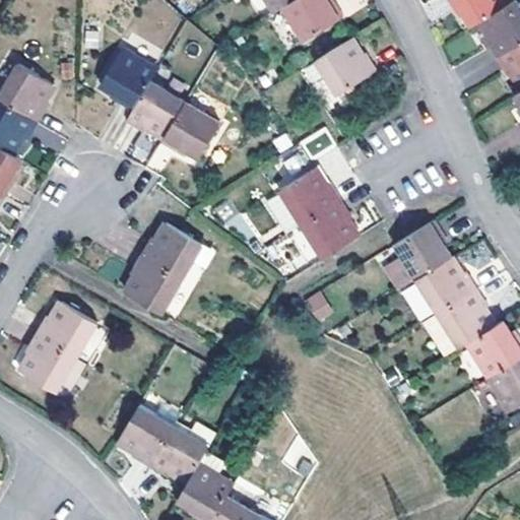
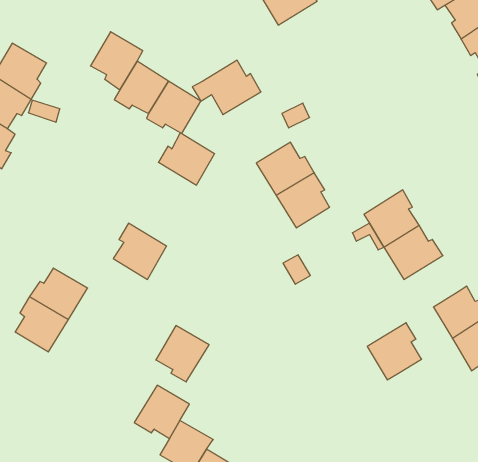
building: [303,39,376,96] -> [192,60,261,115]
building: [141,222,201,278] -> [158,133,215,185]
building: [435,288,493,349] -> [367,323,422,380]
building: [115,406,172,466] -> [156,326,209,382]

